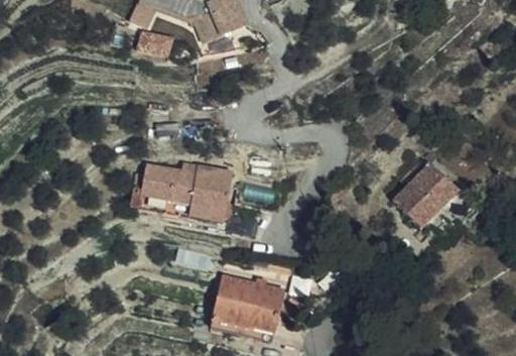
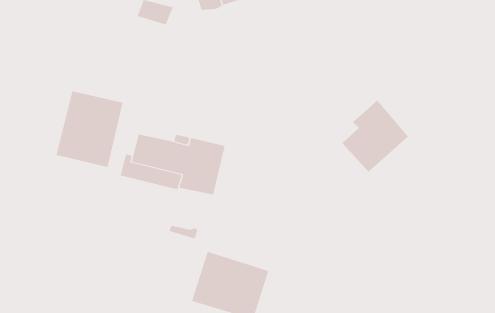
building: none -> [56,91,123,168]
building: [393,153,459,226] -> [342,99,409,173]

